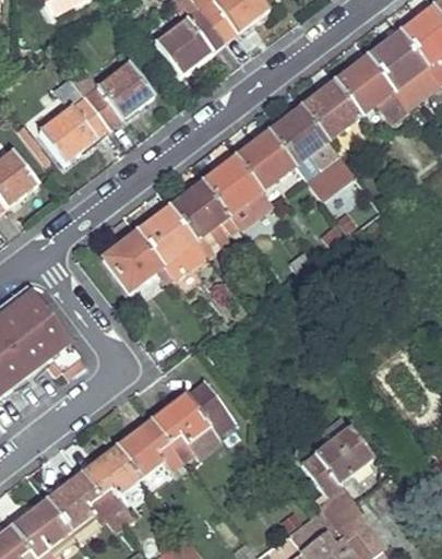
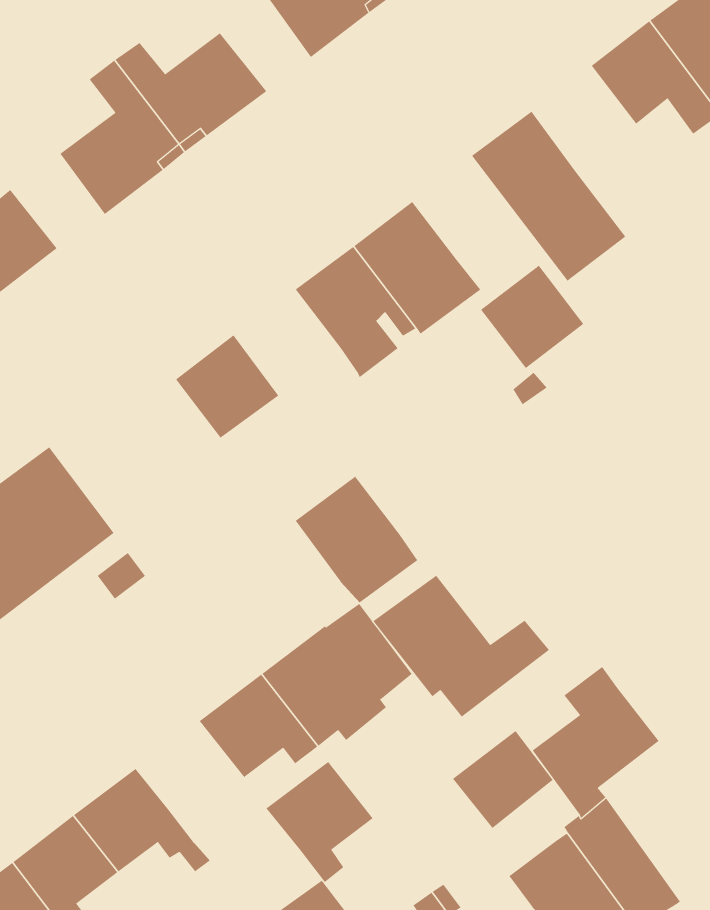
building: [301,82,359,140] -> none
building: [235,132,292,190] -> [480,265,584,369]
building: [135,206,204,277] -> [295,476,418,603]
building: none -> [373,575,550,718]
building: [81,447,141,514] -> [266,761,373,883]
building: none -> [452,730,554,829]

